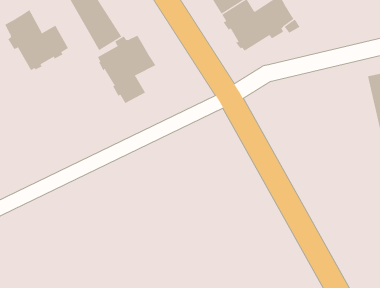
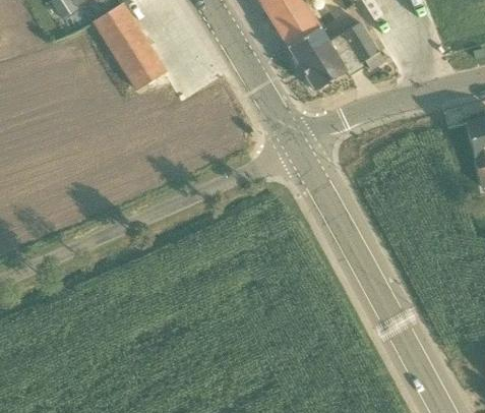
building: [5,9,69,71] -> none
building: [97,35,156,104] -> none

